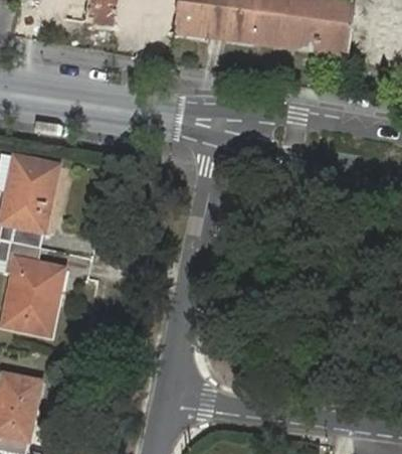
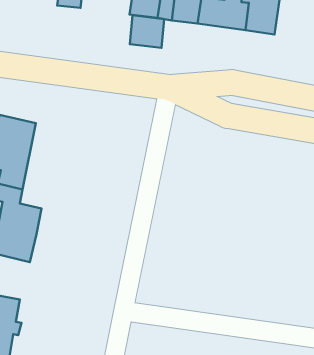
building: none -> [130,15,164,48]

